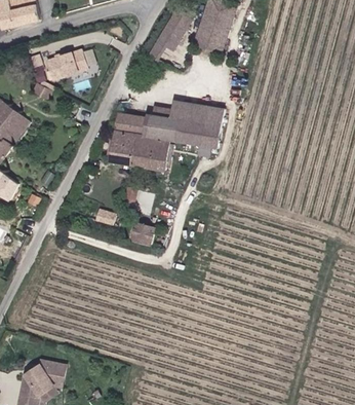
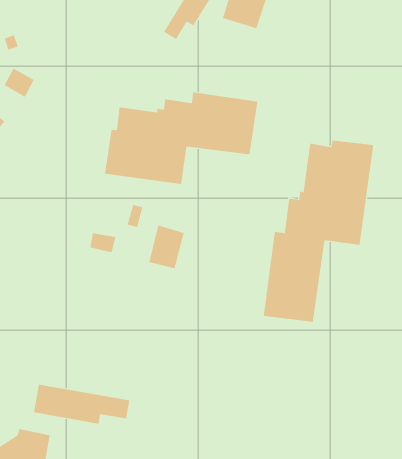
building: [47,49,86,78] -> none
building: none -> [263,140,374,322]
building: none -> [33,384,130,424]

